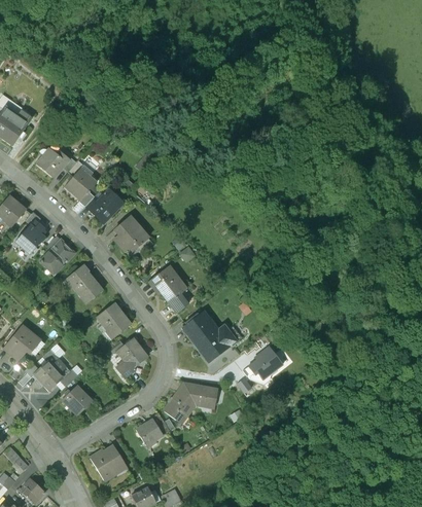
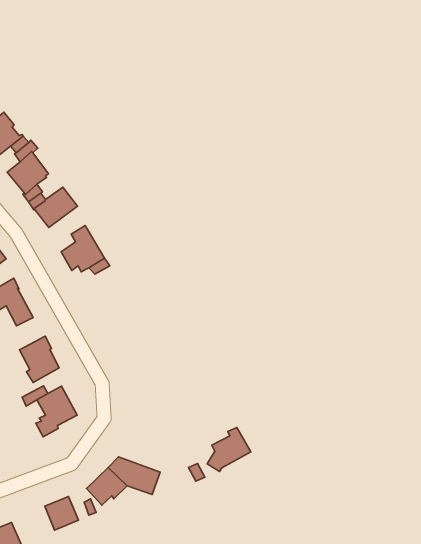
building: [148,266,183,301] -> none
building: [182,314,231,362] -> none

